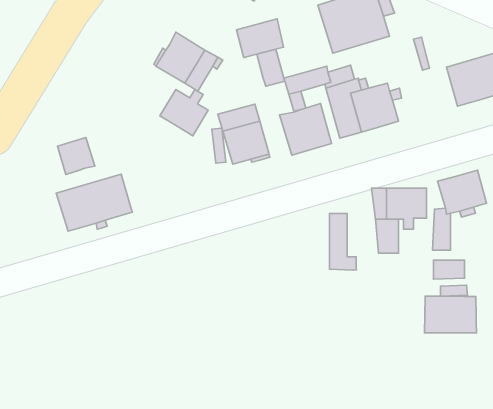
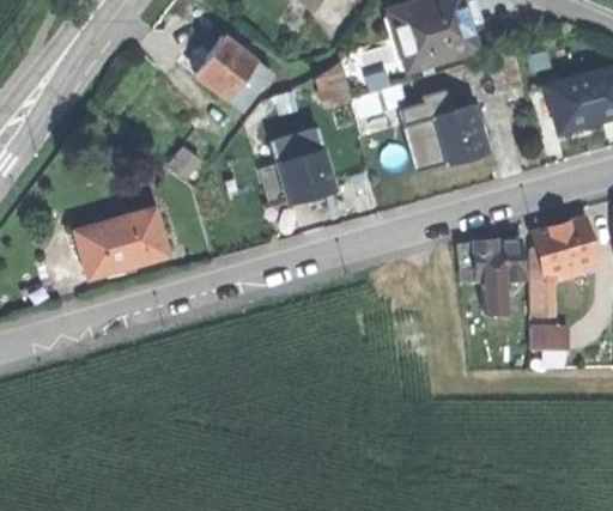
building: [237,19,284,58] -> none
building: [160,89,208,136] -> none
building: [280,104,332,155] -> none
building: [58,138,95,175] -> none
building: [330,213,356,270] -> none
building: [424,296,476,333] -> none

